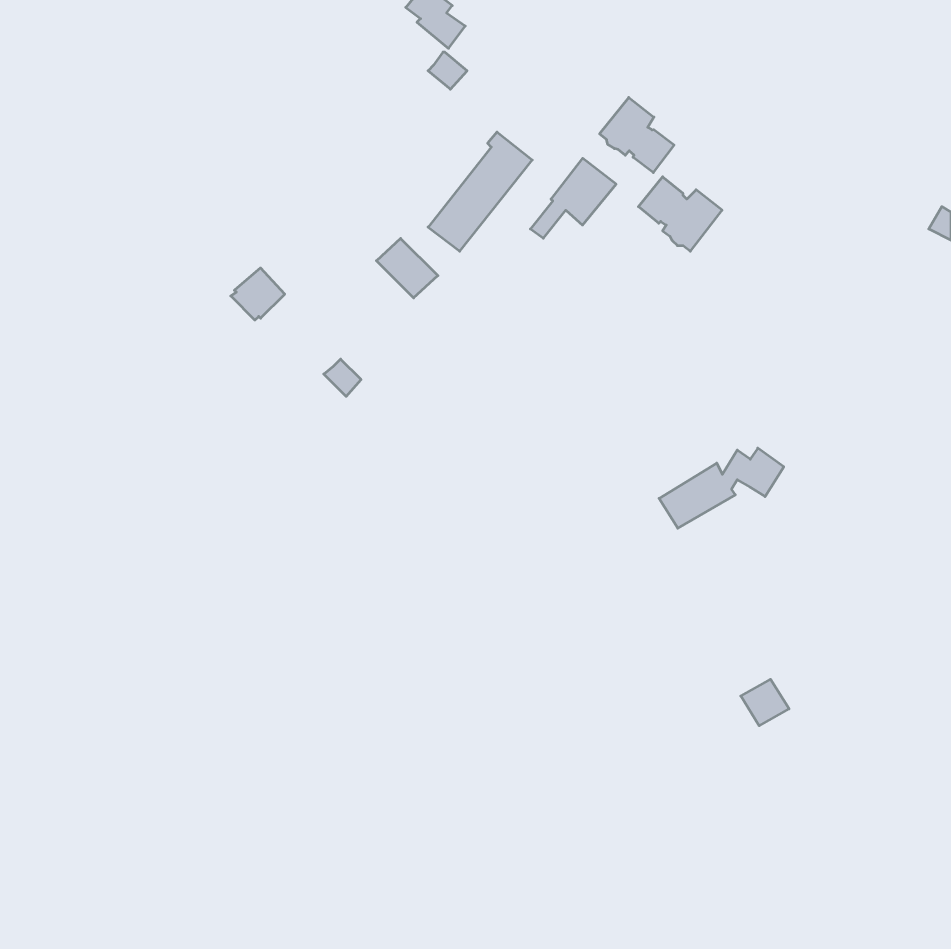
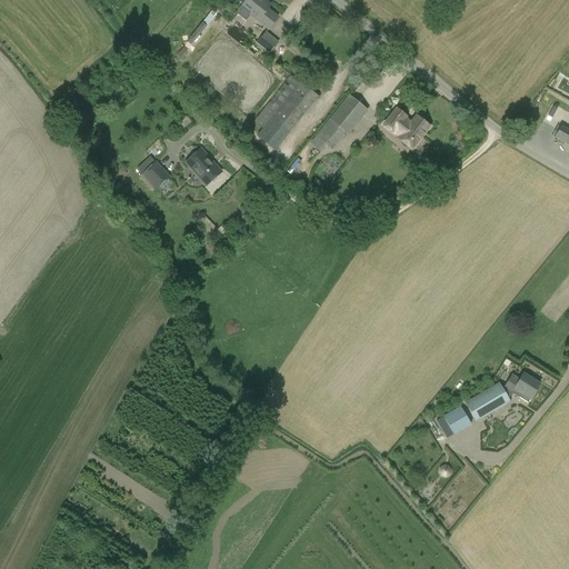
building: [600,97,674,173] -> none
building: [376,238,438,298] -> [183,149,220,184]
building: [659,448,784,528] -> [465,372,539,420]

